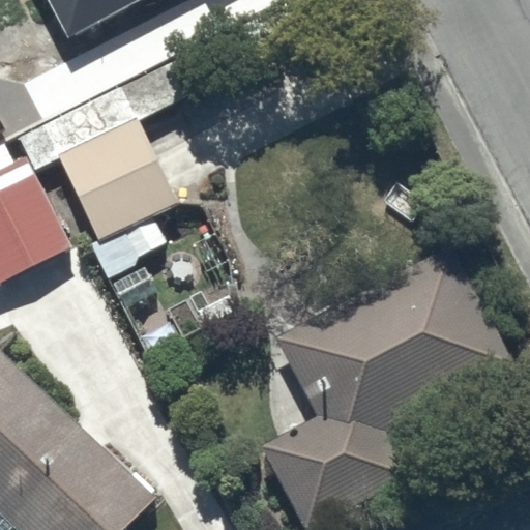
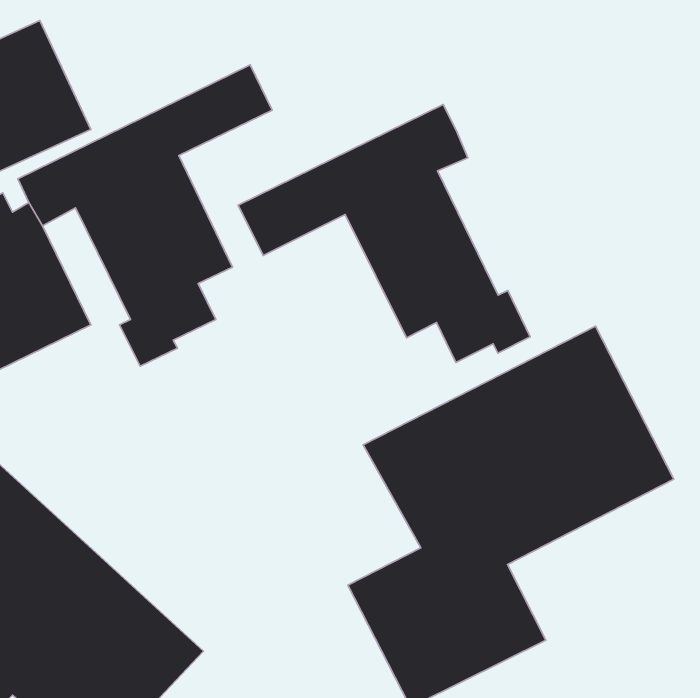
building: none -> [238,104,530,363]

